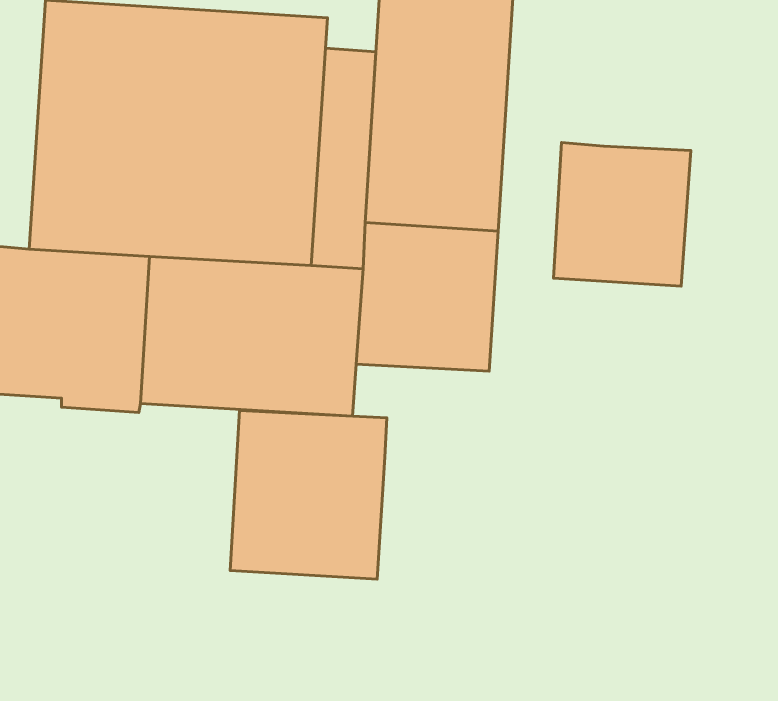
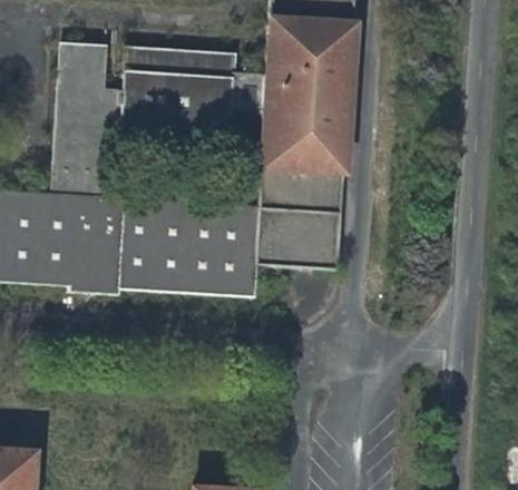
building: [553,142,691,286] -> none
building: [230,411,387,579] -> none

